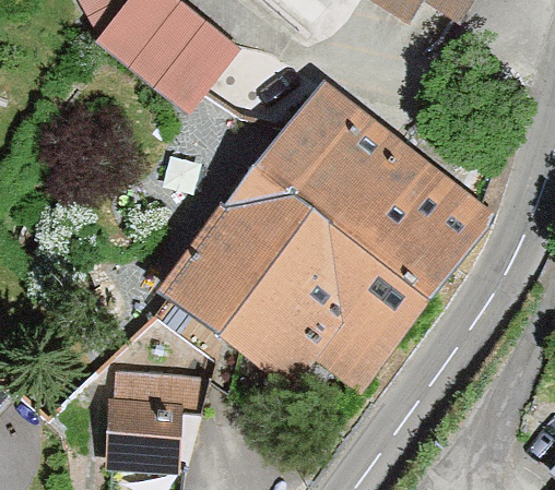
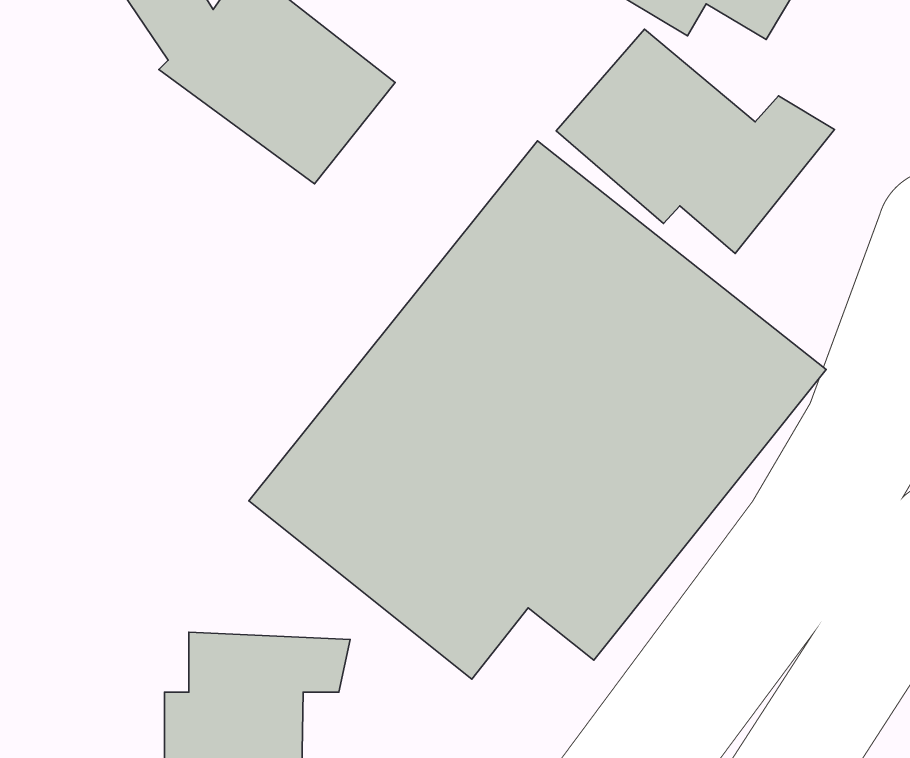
building: none -> [556,29,834,254]

